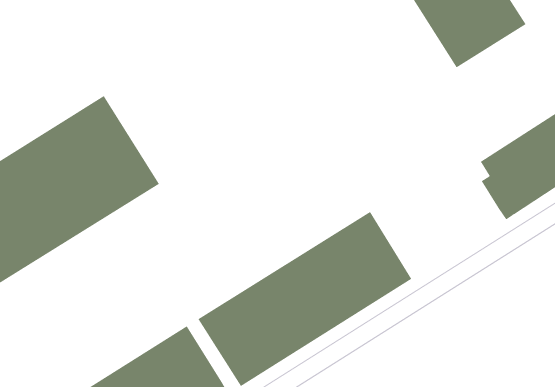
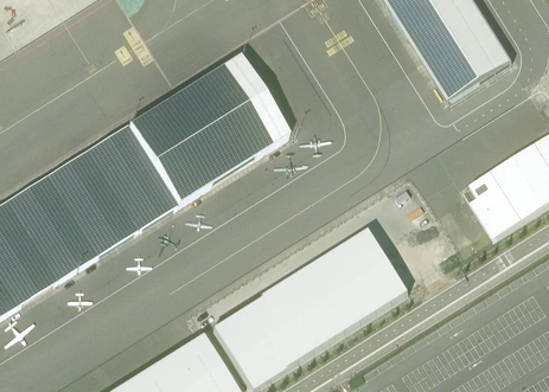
building: none -> [127,57,287,205]

